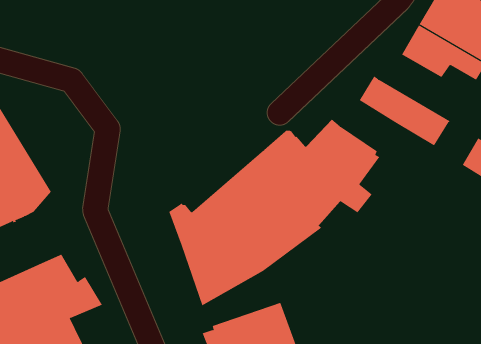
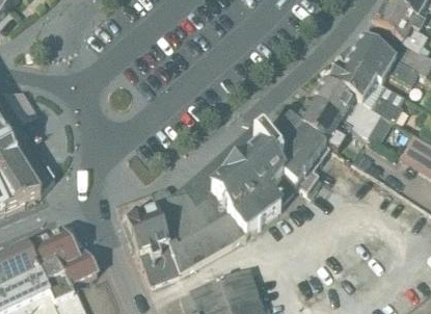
building: none -> [327,60,402,121]
building: none -> [295,98,341,143]
building: none -> [120,190,179,282]

